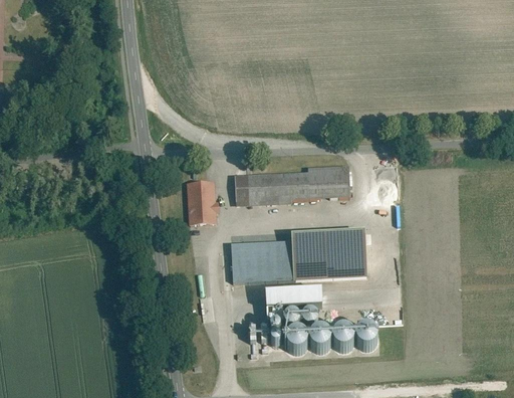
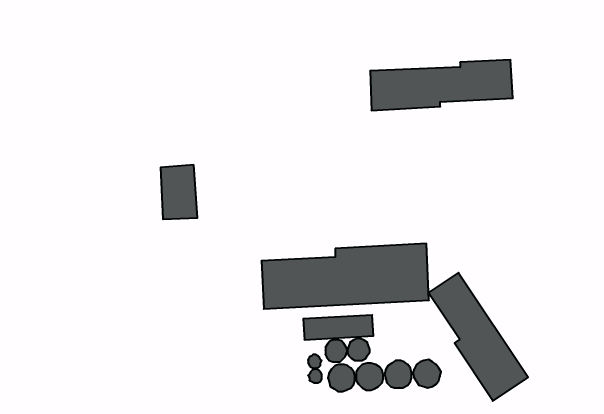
building: [234,165,350,206] -> [370,60,513,110]
building: [187,180,217,224] -> [161,165,197,219]
building: none -> [429,273,528,401]

